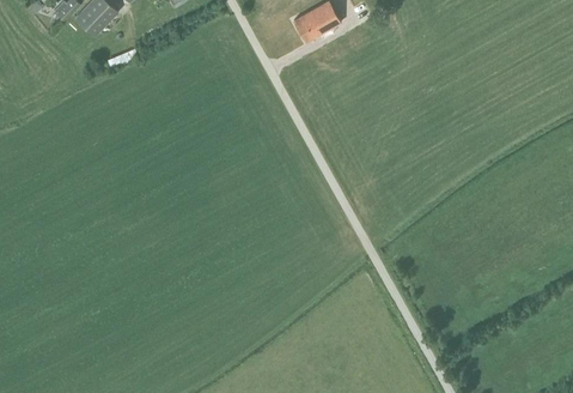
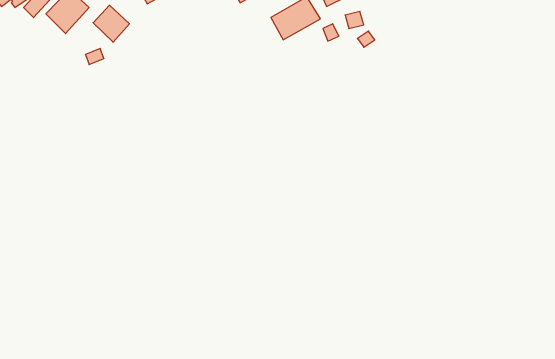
building: none -> [93,5,129,42]

